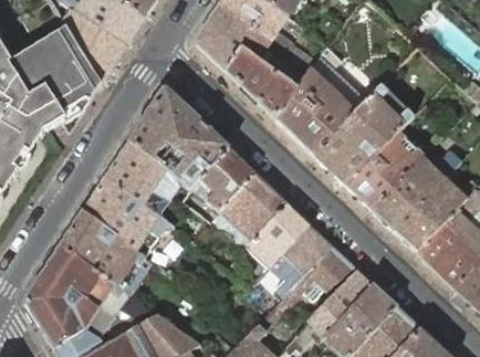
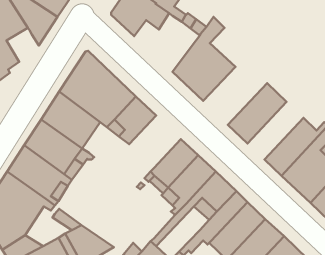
building: [226,48,301,115] -> none
building: [60,57,102,111] -> none
building: [315,83,414,183] -> none
building: [373,147,461,229] -> none
building: [219,171,286,240] -> none

